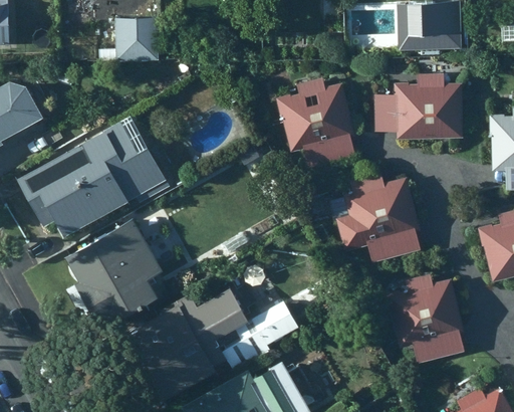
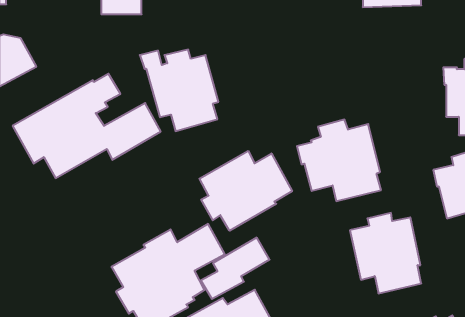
building: [374,73,463,140] -> none
building: [269,78,355,168] -> [140,50,218,131]
building: none -> [199,151,292,231]
building: [63,217,162,330] -> none

